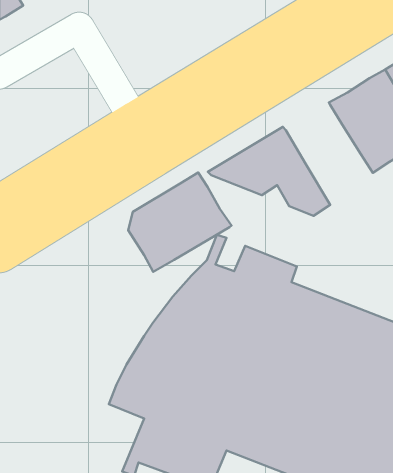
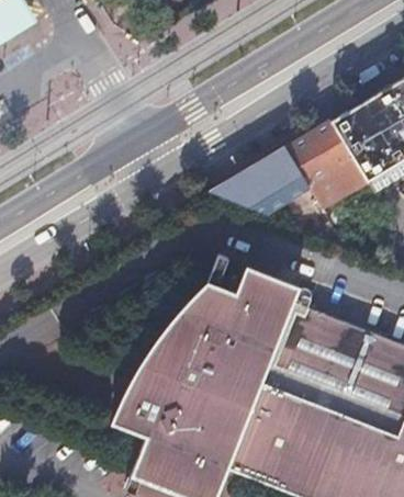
building: none -> [289,124,363,185]
building: [128,172,232,272] -> none

